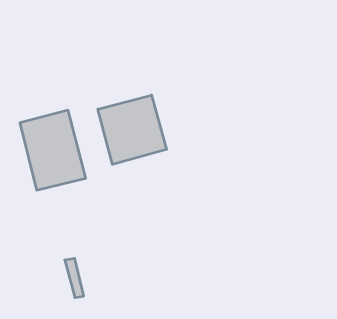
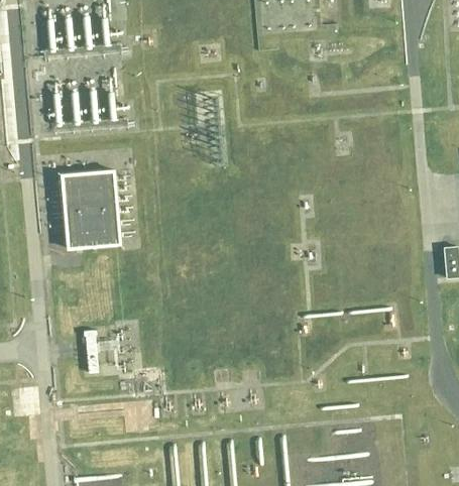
building: [98,95,167,164] -> none

